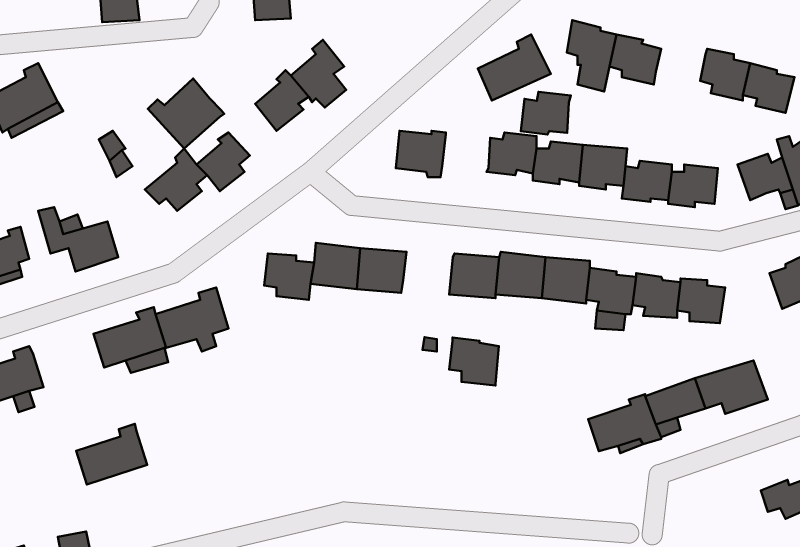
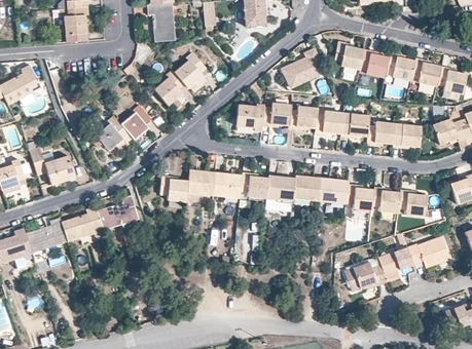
building: none -> [387,50,415,80]
building: [148,79,224,149] -> none
building: [521,92,571,135] -> [263,102,292,126]
building: [449,337,499,386] -> [241,171,269,199]
building: [76,424,147,485] -> [27,217,68,251]

